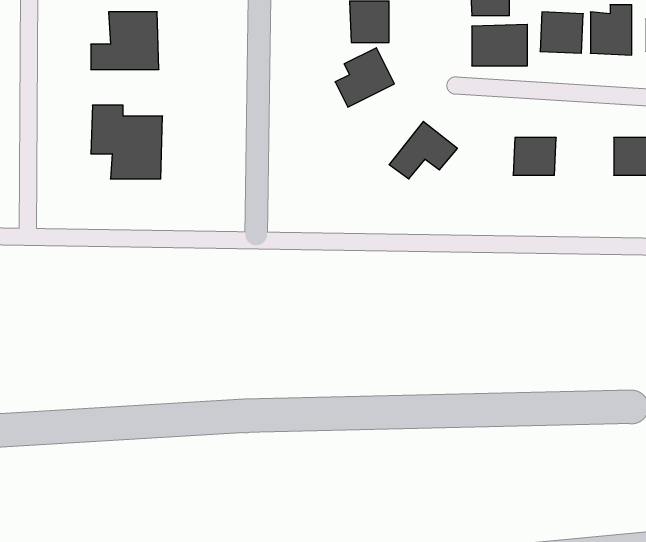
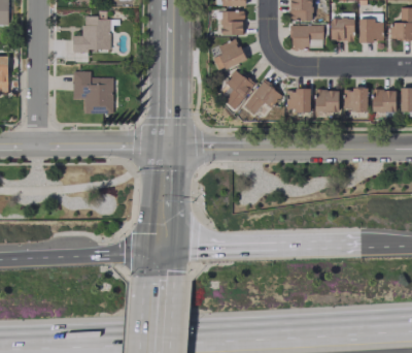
building: none -> [221,70,252,109]
building: none -> [343,88,368,110]
building: none -> [287,90,310,111]

